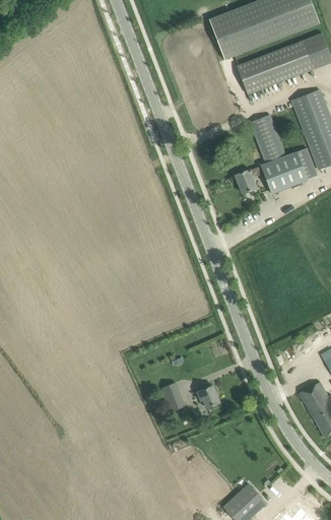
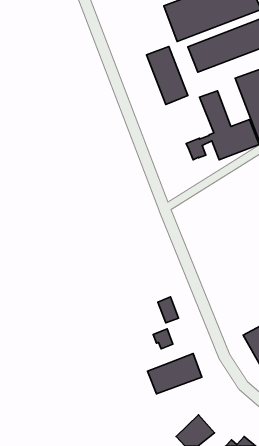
building: none -> [147,46,188,105]
building: [162,381,186,410] -> [158,297,178,323]
building: none -> [148,354,202,394]

